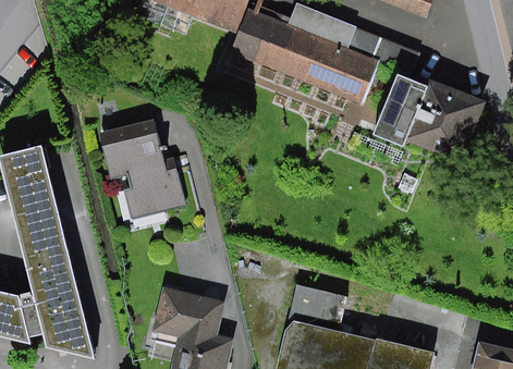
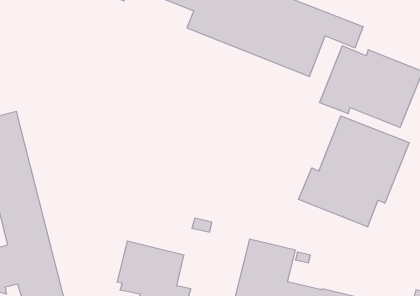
building: [98,119,185,219] -> none
building: none -> [299,116,409,227]

